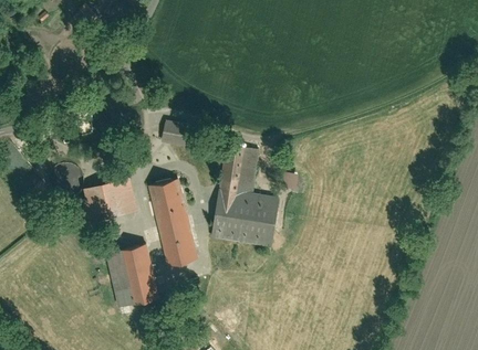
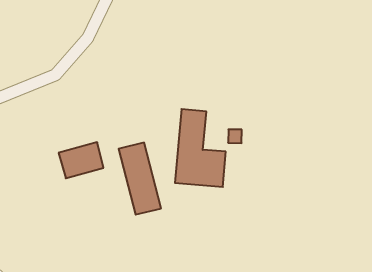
building: [164,124,196,146] -> none
building: [111,246,157,305] -> none

